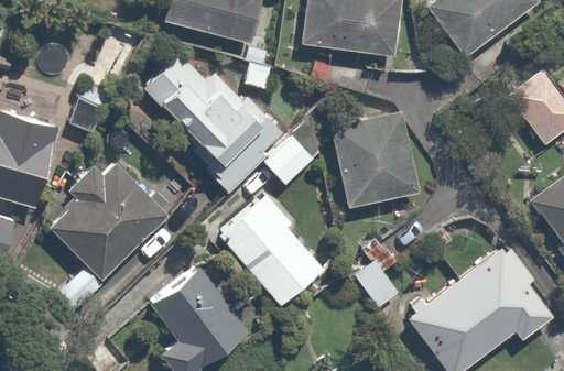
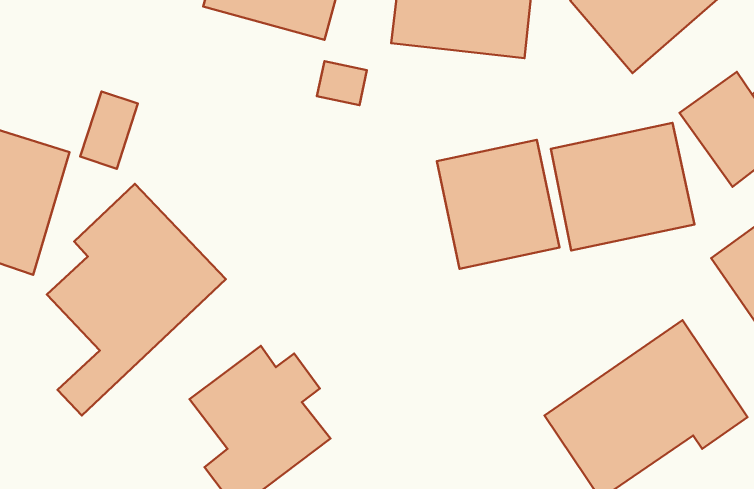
building: [142,56,315,188] -> none
building: none -> [551,123,694,250]
building: [218,189,330,305] -> none
building: [356,232,403,309] -> none

